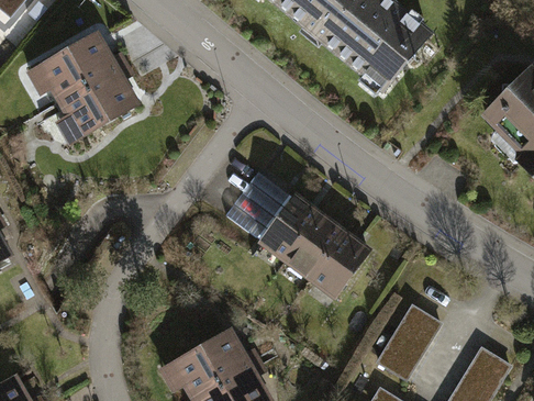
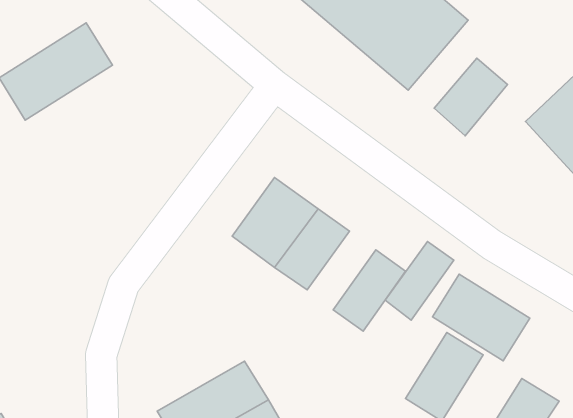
building: none -> [434,58,508,136]
building: [41,67,141,152] -> none
building: [289,213,349,282] -> [385,242,454,320]
building: none -> [432,274,530,361]

